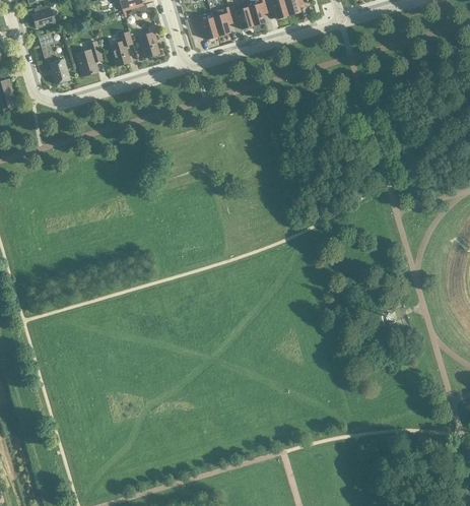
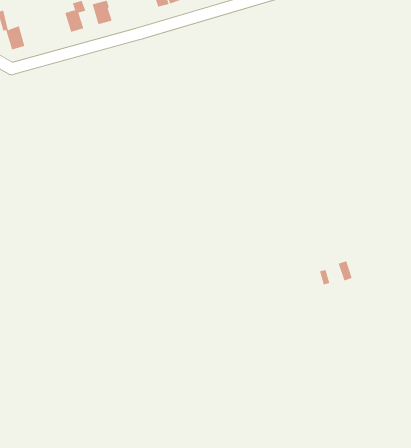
building: [76,41,102,75] -> none

